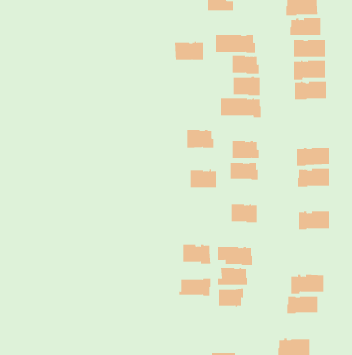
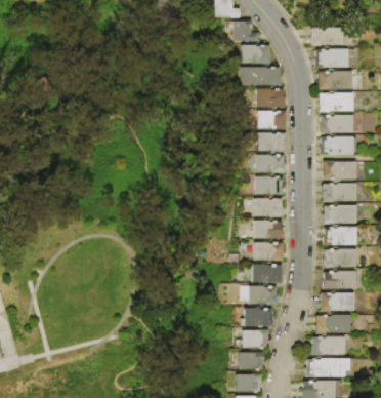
building: [174,41,204,60] -> [240,43,270,63]
building: none -> [321,136,357,155]
building: none -> [324,160,357,180]
building: [186,129,214,148] -> [257,153,286,172]
building: [190,169,217,188] -> [254,218,282,238]
building: none -> [325,227,357,244]
building: none -> [324,271,357,288]
building: [182,244,211,264] -> [253,263,283,283]
building: none -> [321,292,354,312]
building: [179,278,211,296] -> [229,351,263,369]
building: none -> [307,358,350,376]
building: none -> [235,373,261,392]

